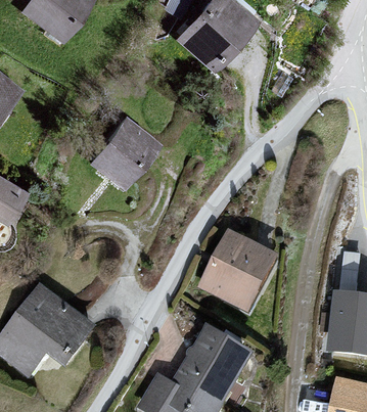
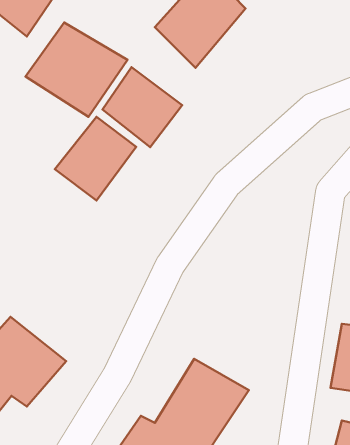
building: none -> [25,23,127,117]
building: none -> [103,67,182,147]
building: [197,227,282,313] -> none

